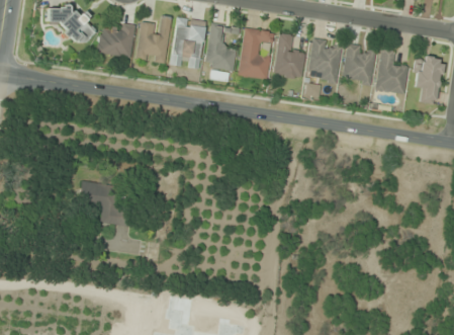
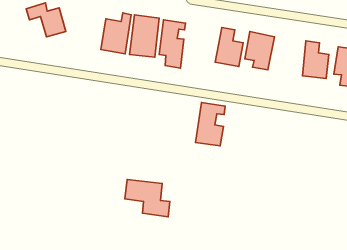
building: [98,24,135,58] -> none
building: [238,28,273,80] -> [195,103,225,146]
building: [342,45,376,85] -> none
building: [79,182,132,227] -> [125,179,170,217]

